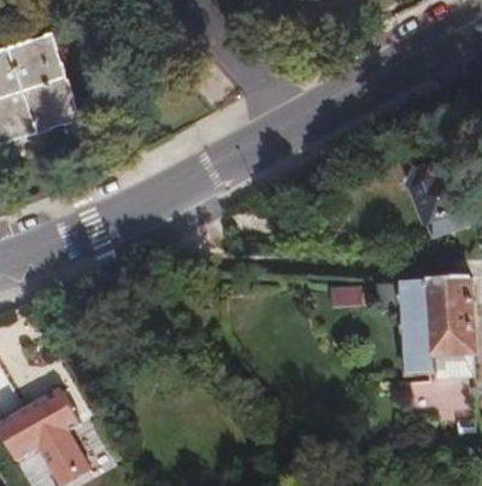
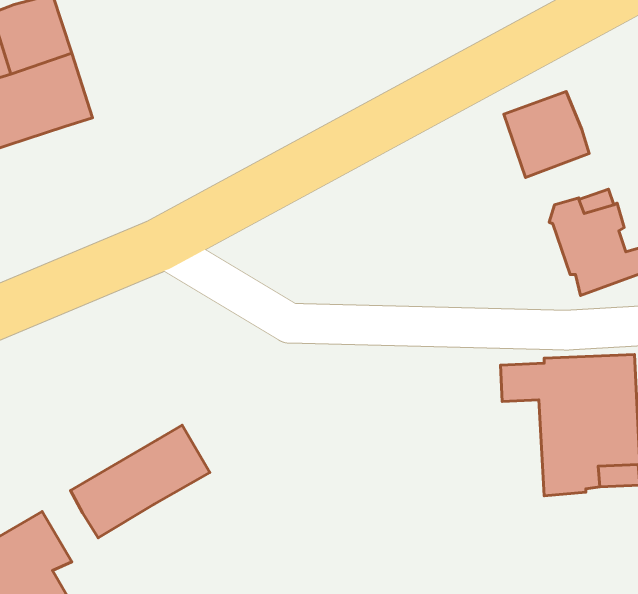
building: none -> [504,92,589,177]
building: none -> [70,425,210,538]

